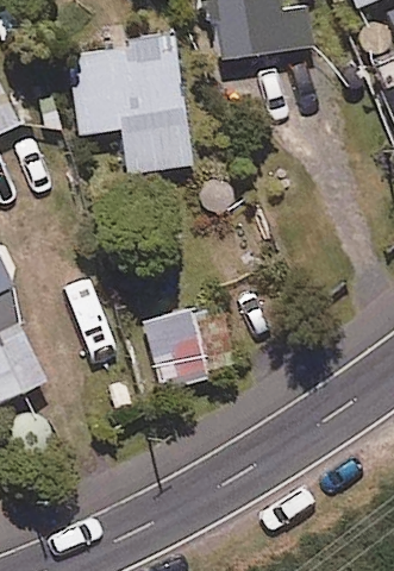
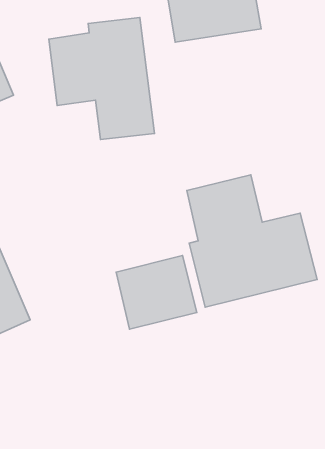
building: none -> [187,175,317,307]

